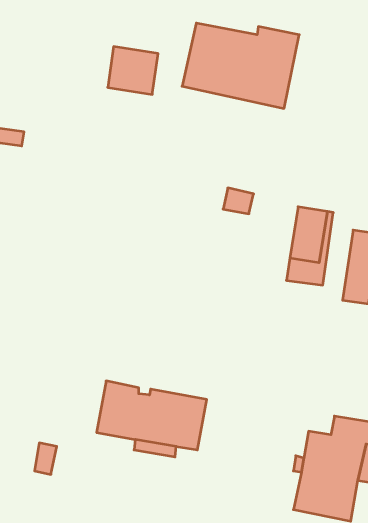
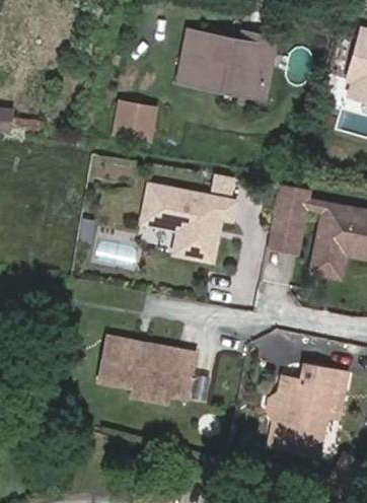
building: [108,47,158,94] -> [111,102,154,144]
building: none -> [143,184,237,261]

